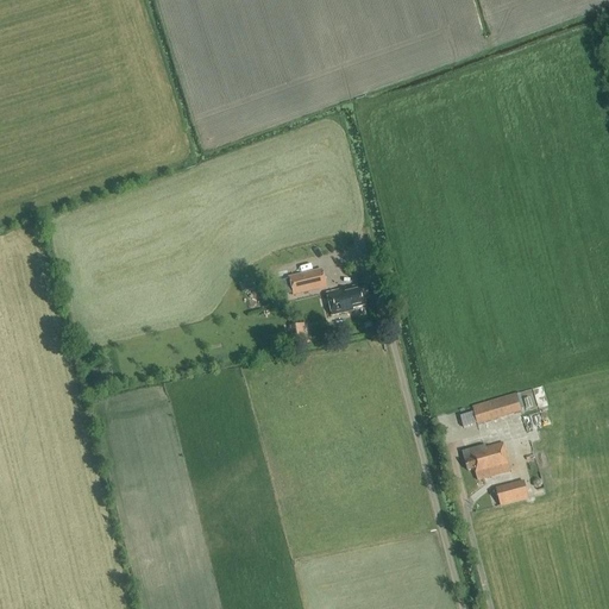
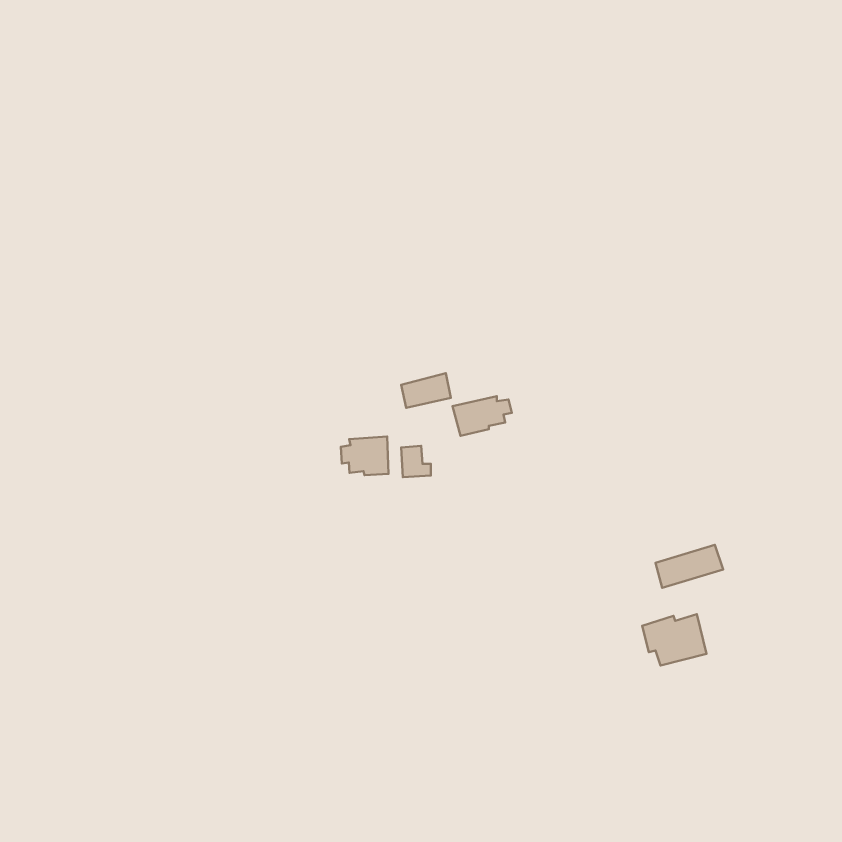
building: none -> [341,436,388,475]
building: [497,479,530,506] -> none

